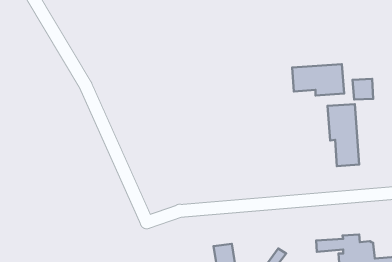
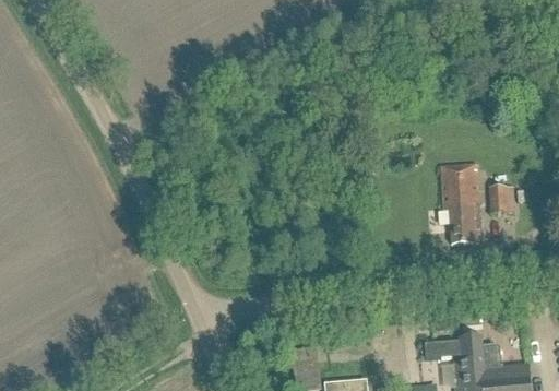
building: [292,64,344,95] -> none
building: [352,79,373,100] -> [488,189,515,216]

